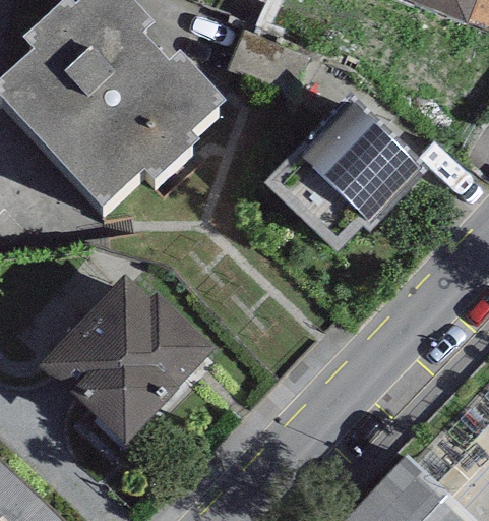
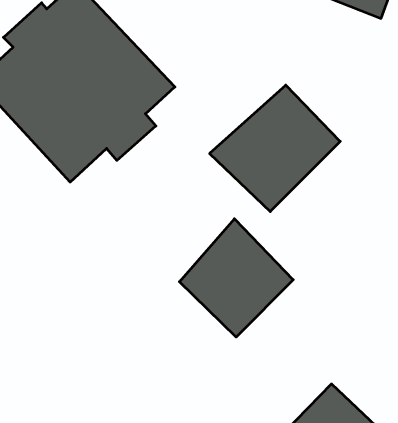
building: none -> [179,219,293,337]
building: [39,272,218,443] -> none

